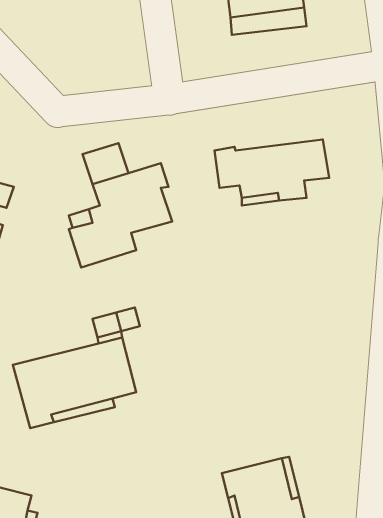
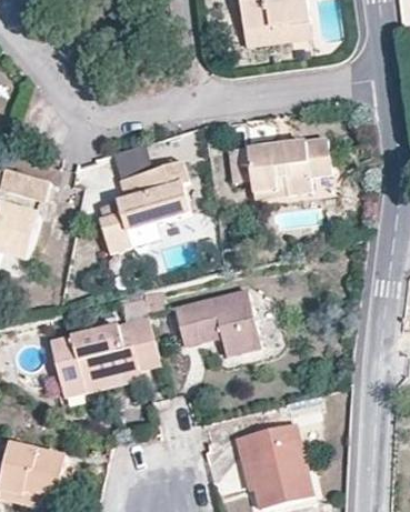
building: none -> [174,289,260,355]

